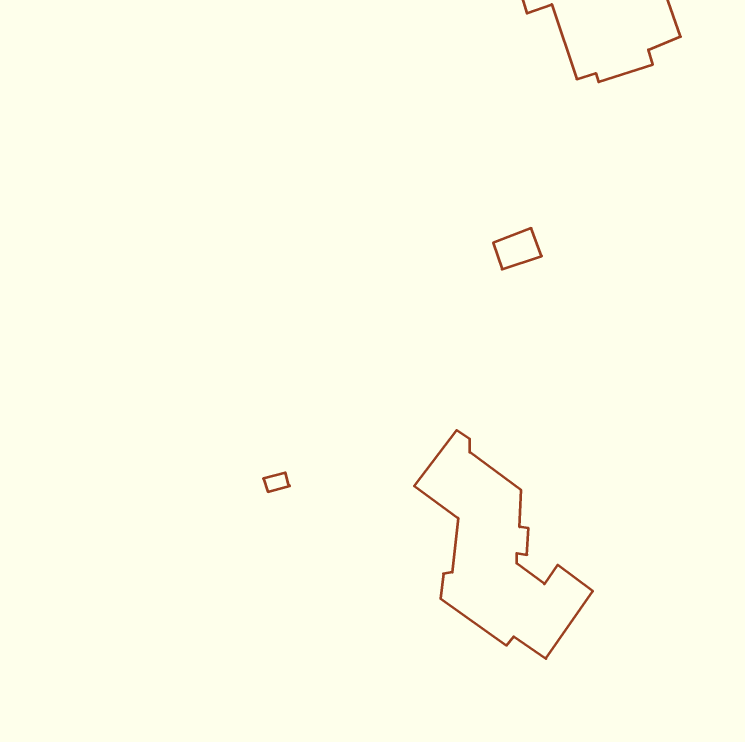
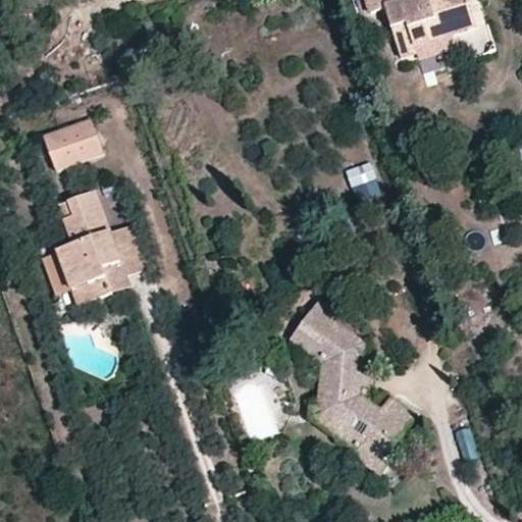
building: none -> [42,116,102,169]
building: none -> [56,189,150,303]

